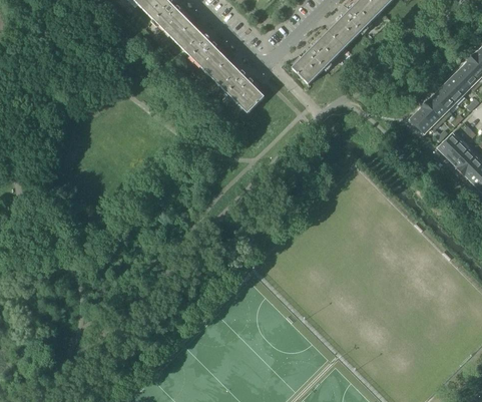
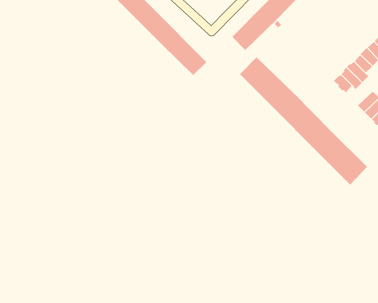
building: none -> [239,57,368,186]

